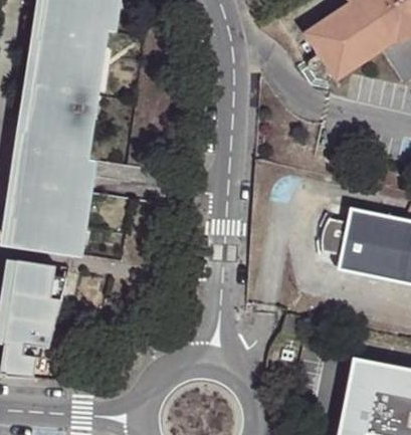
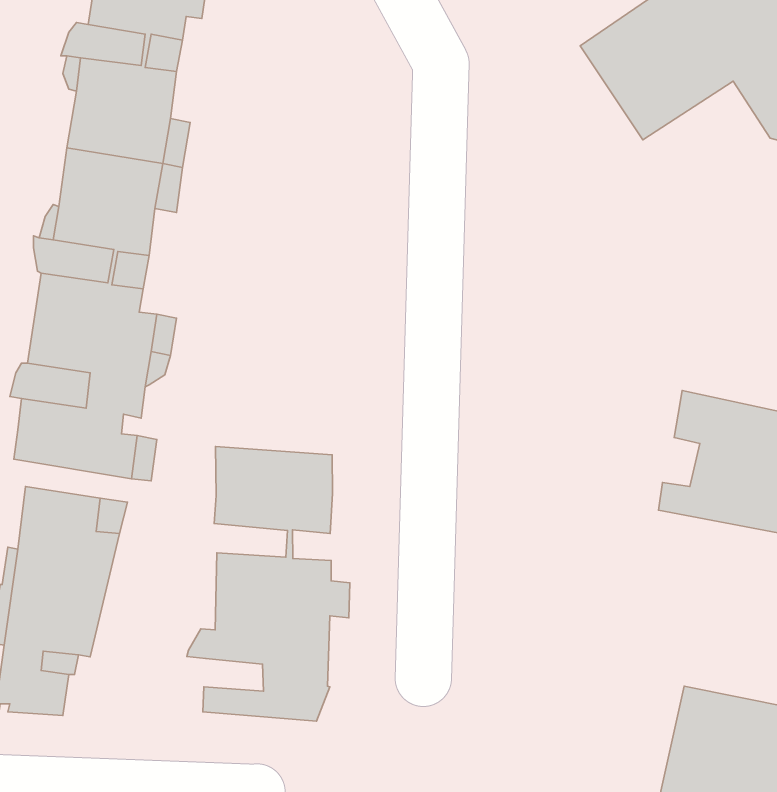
building: [323,217,363,258] -> none
building: none -> [187,446,350,721]

